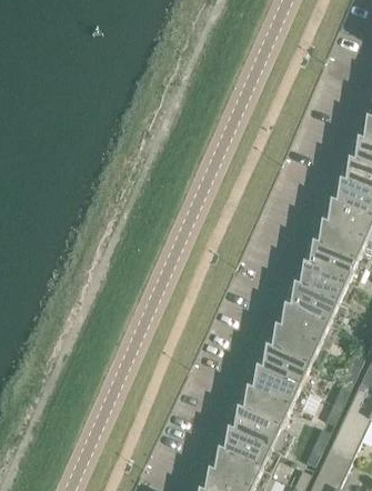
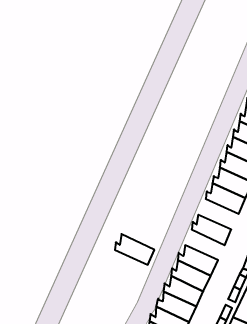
building: [284,284,339,325] -> none
building: [267,325,320,367] -> [115,234,154,265]

